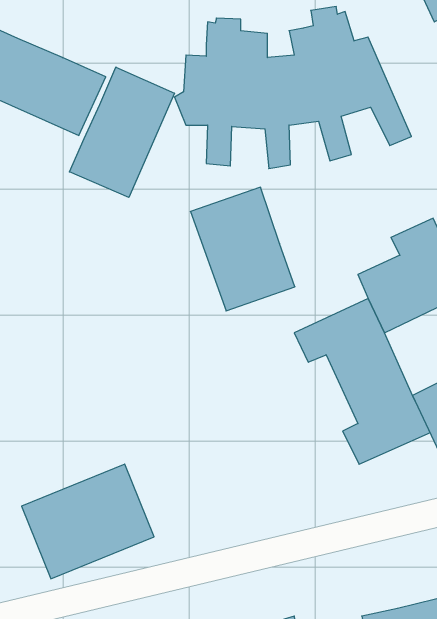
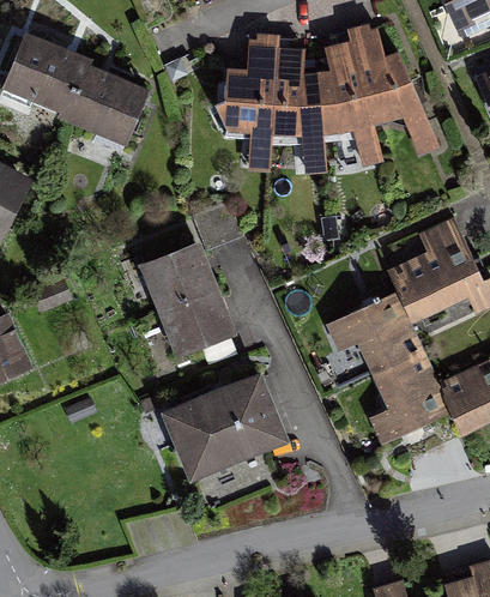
building: [69,67,174,197] -> none
building: [190,187,295,311] -> [140,246,238,362]
building: [22,464,154,579] -> [163,379,288,487]

